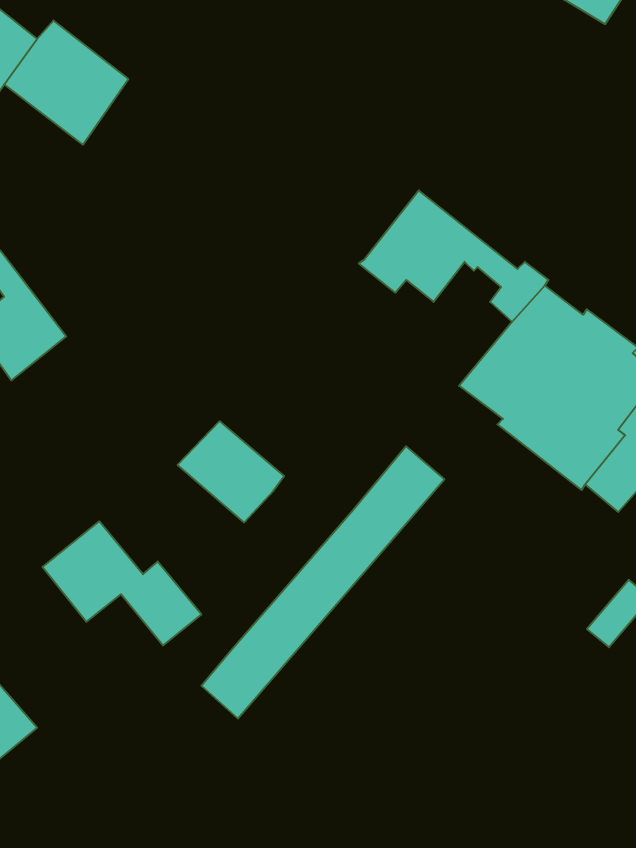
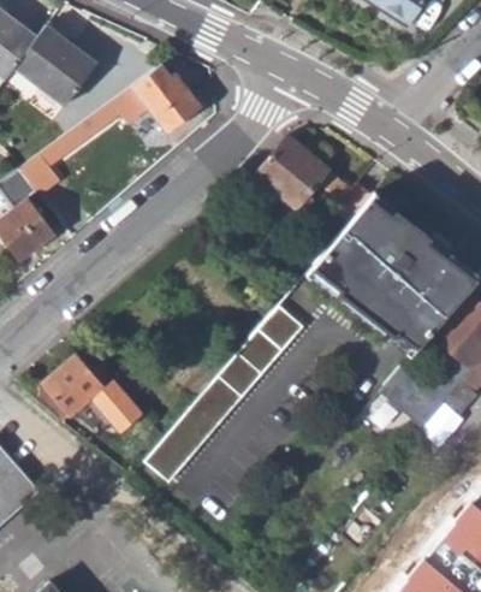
building: none -> [132,63,202,131]
building: none -> [23,99,123,195]
building: [178,421,284,522] -> none

